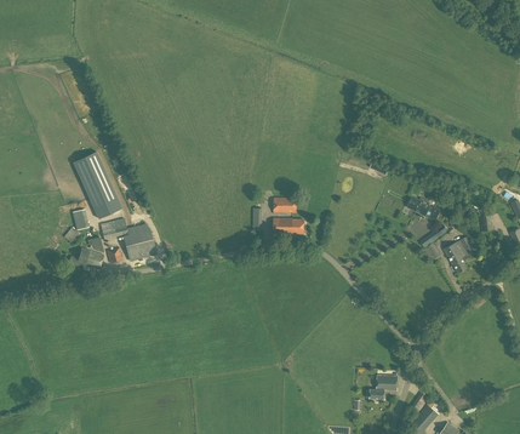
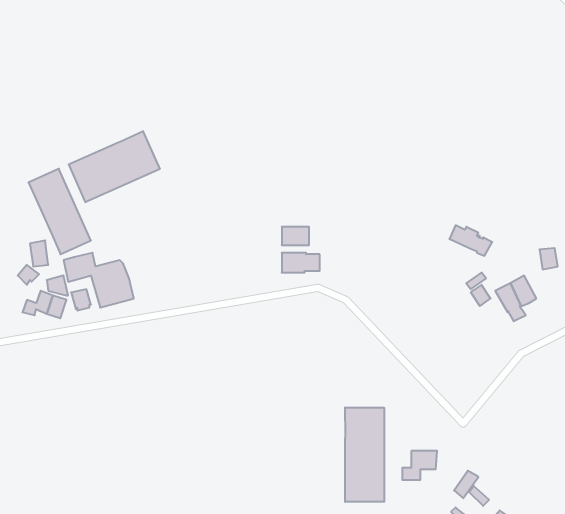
building: none -> [69,131,160,202]
building: none -> [345,407,384,502]

